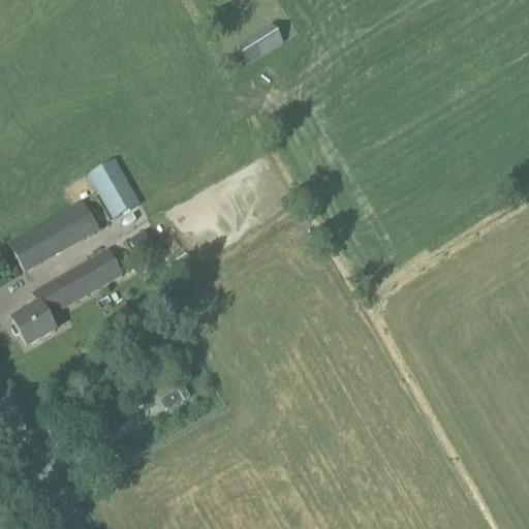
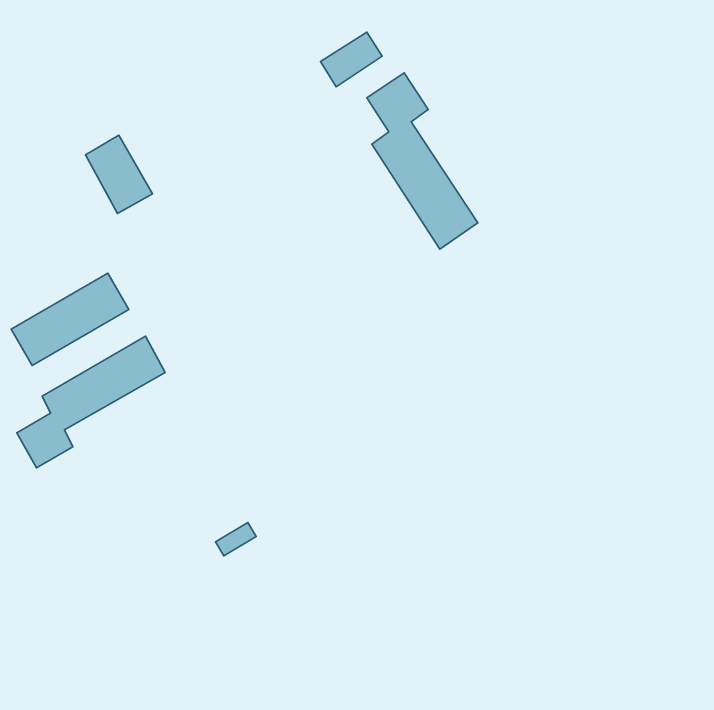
building: none -> [367,73,478,249]
building: [90,160,139,218] -> [85,135,153,214]

